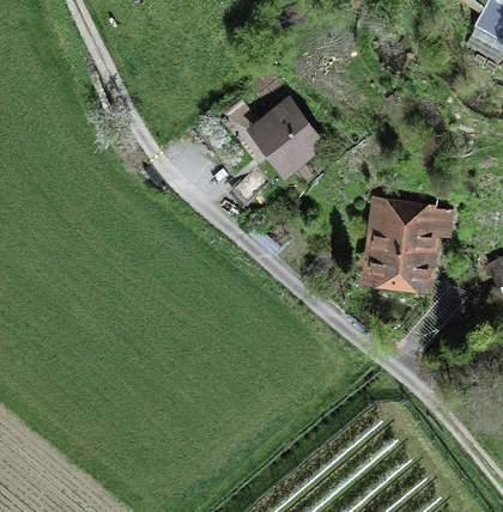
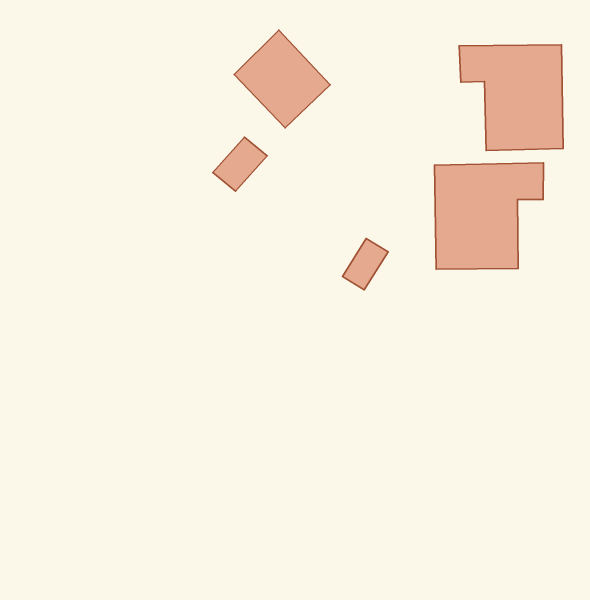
building: none -> [459,45,563,150]

